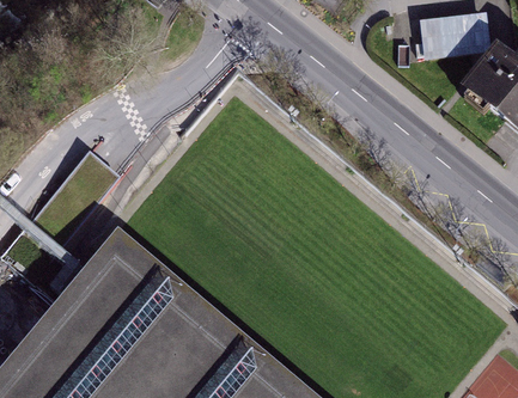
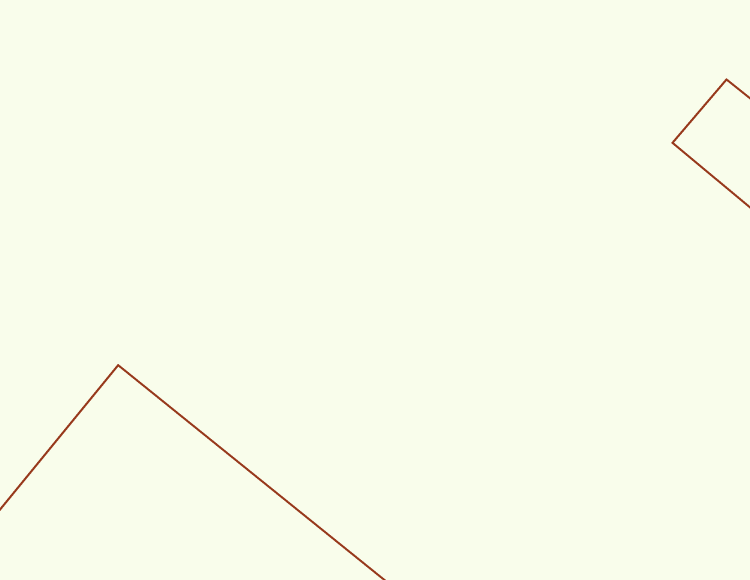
building: [425,14,498,62] -> none

